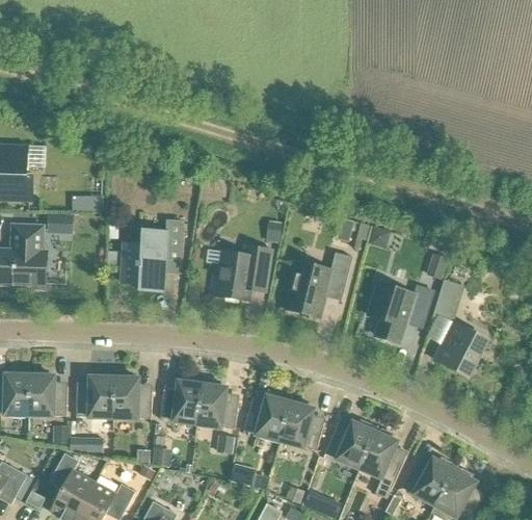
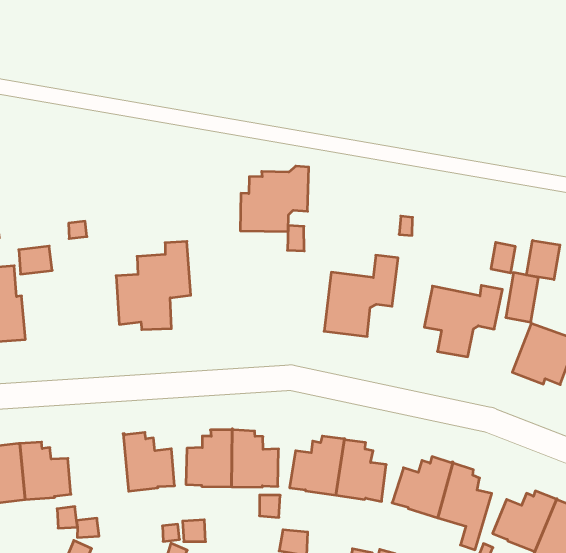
building: [210,248,271,300] -> [240,166,309,232]
building: none -> [526,240,560,280]
building: [76,371,114,418] -> none

